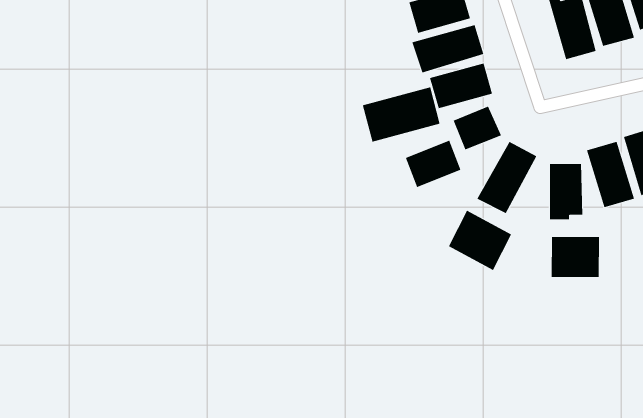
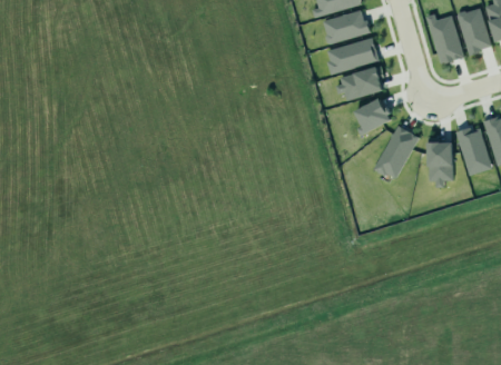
building: [362,87,440,142] -> none
building: [405,140,461,188] -> none
building: [448,210,512,271] -> none
building: [551,236,599,278] -> none

